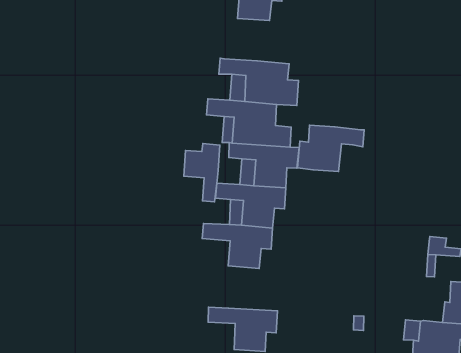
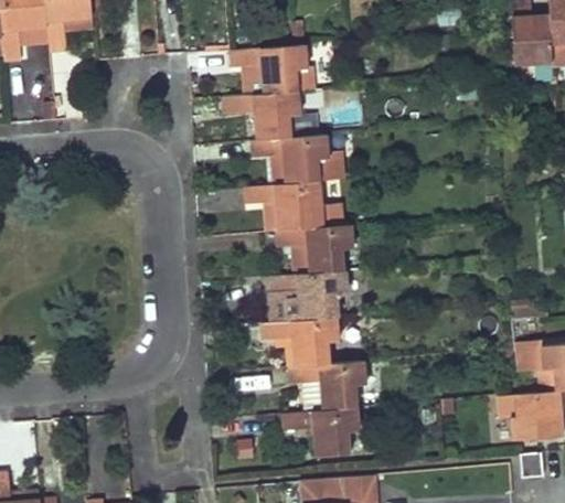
building: none -> [222,92,300,141]
building: [298,125,364,172] -> none
building: [184,143,220,202] -> none
building: none -> [288,361,365,413]

